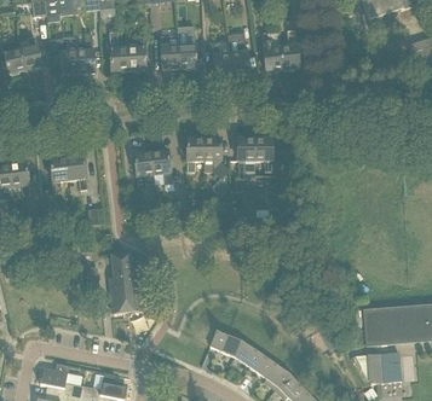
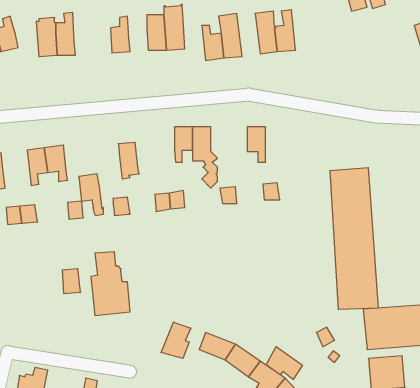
building: [109,31,128,71] -> none
building: [237,139,254,179] -> none
building: [150,151,173,190] -> [79,174,104,215]
building: none -> [330,168,378,310]
building: none -> [161,322,191,358]
building: none -> [266,347,302,380]

